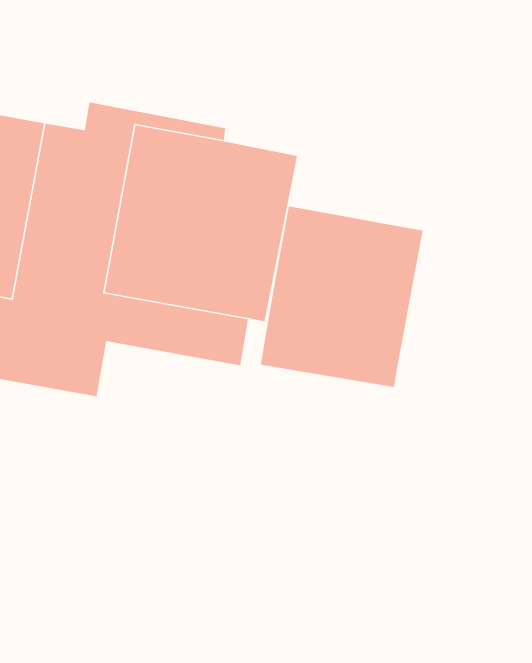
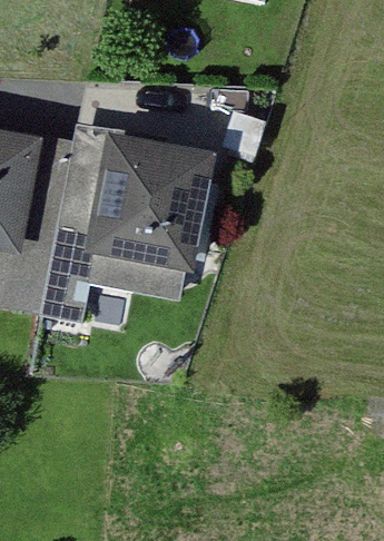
building: [260,206,423,388] -> none

